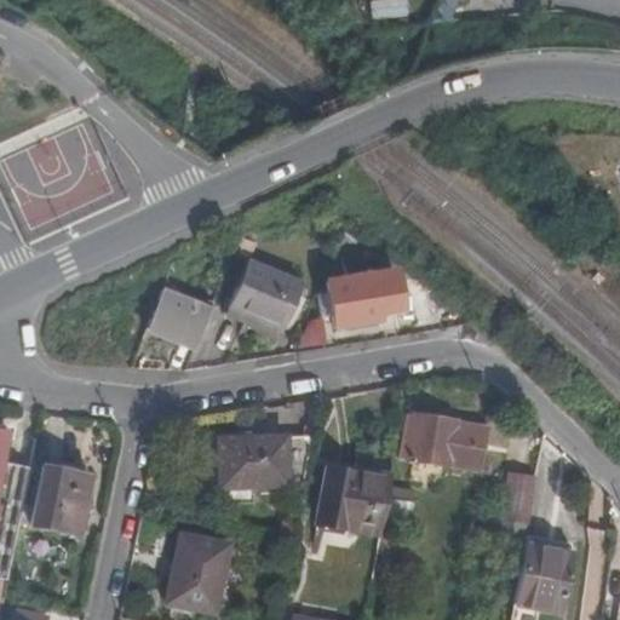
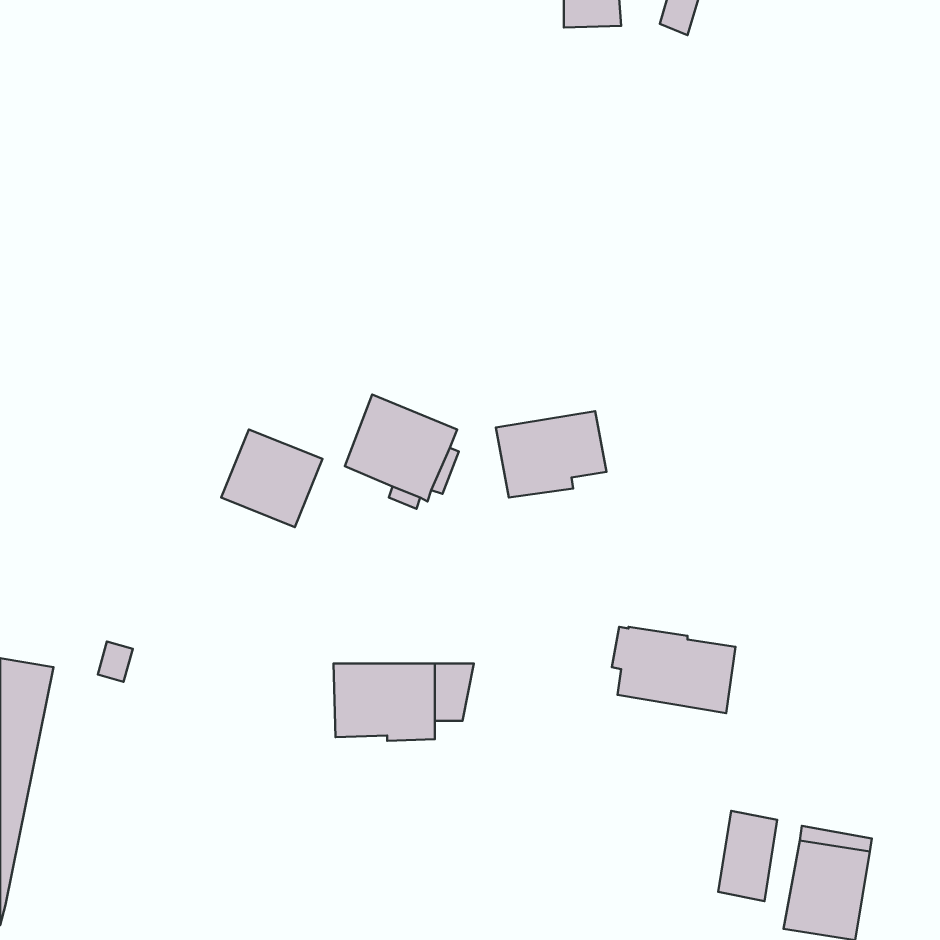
building: [316,464,391,533] -> none
building: [499,464,538,523] -> [718,811,777,901]
building: [31,465,88,534] -> none
building: [167,533,226,609] -> none

